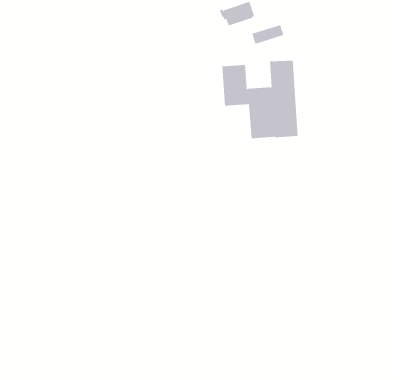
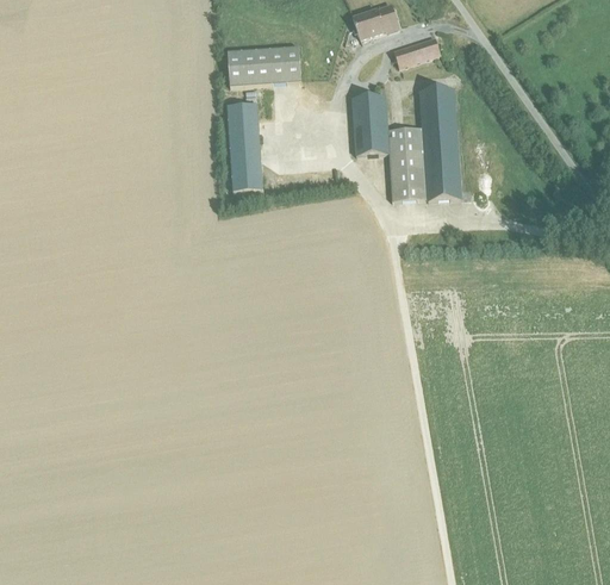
building: none -> [228,45,301,86]
building: none -> [228,102,263,191]

